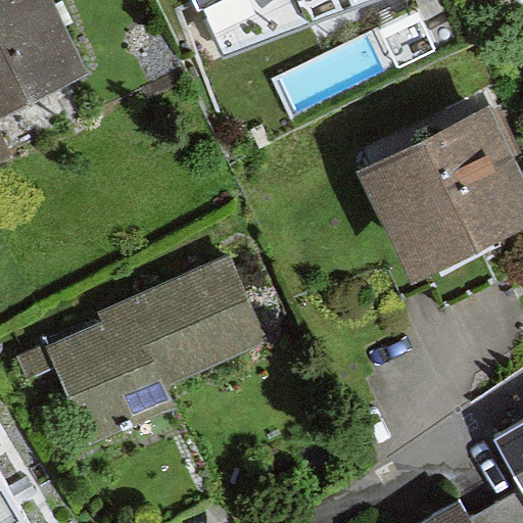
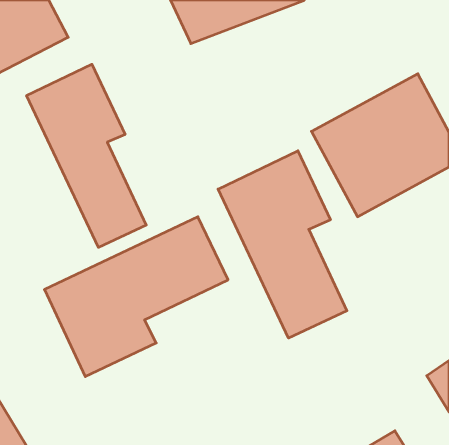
building: none -> [27,64,146,247]
building: none -> [218,151,347,338]

